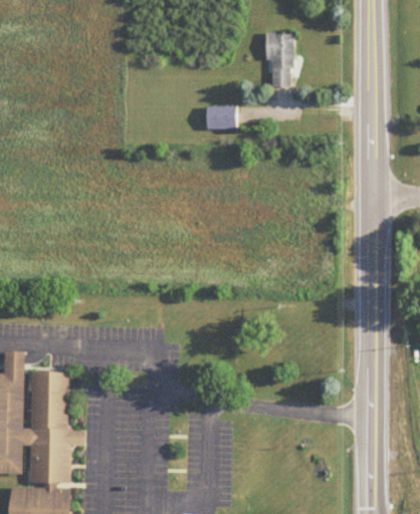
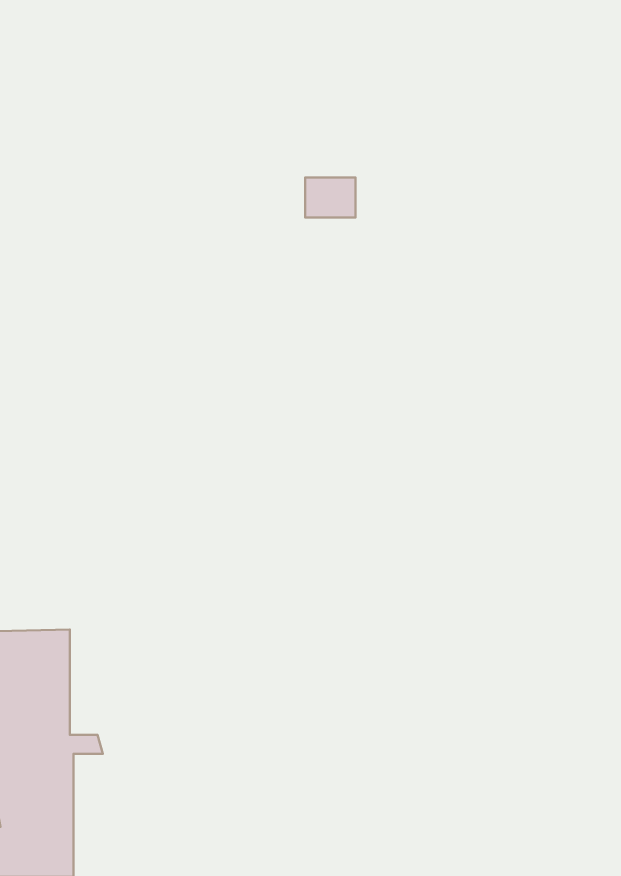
building: [266,34,292,87] -> none

